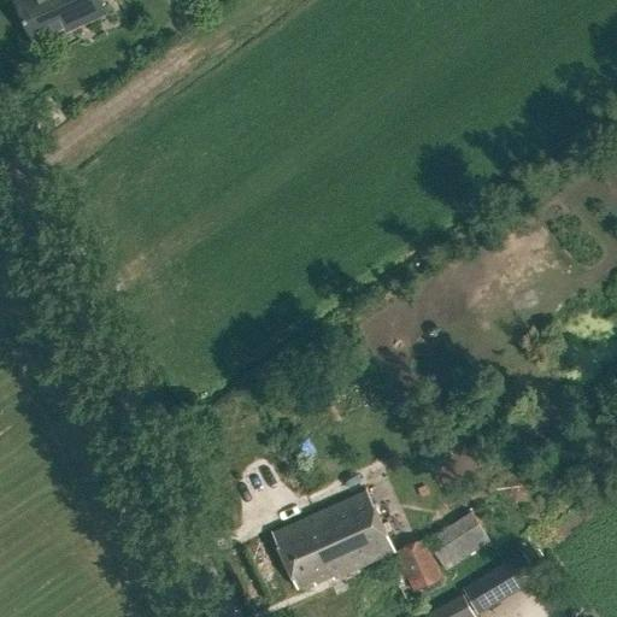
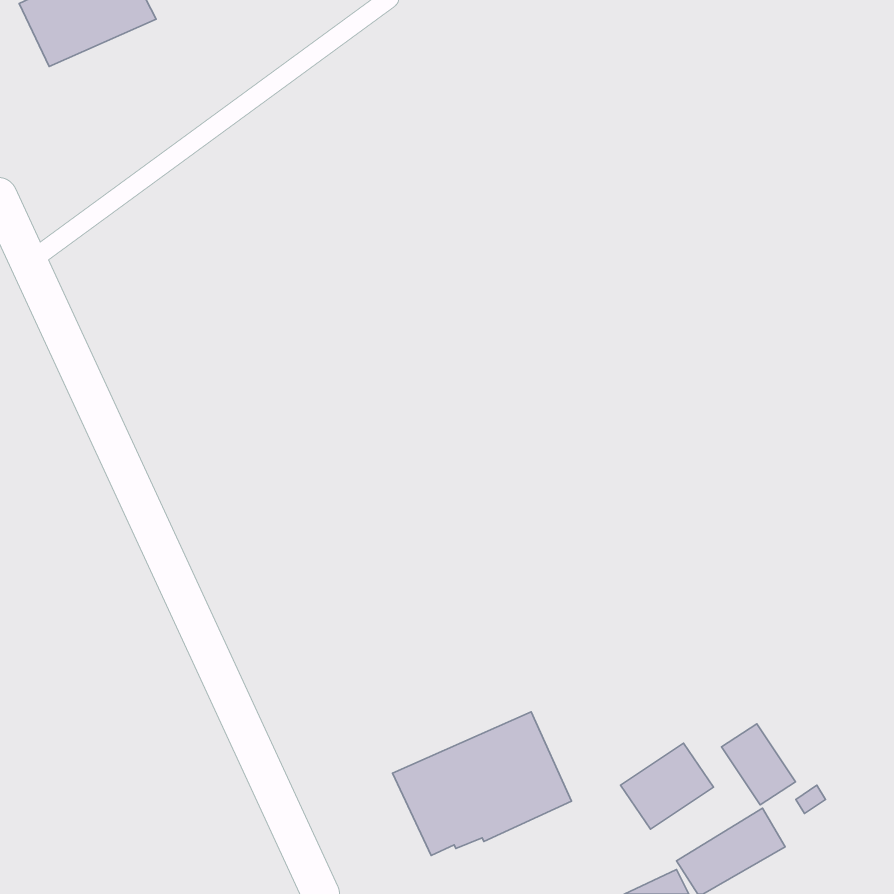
building: none -> [721,724,795,805]
building: [393,537,441,592] -> none

